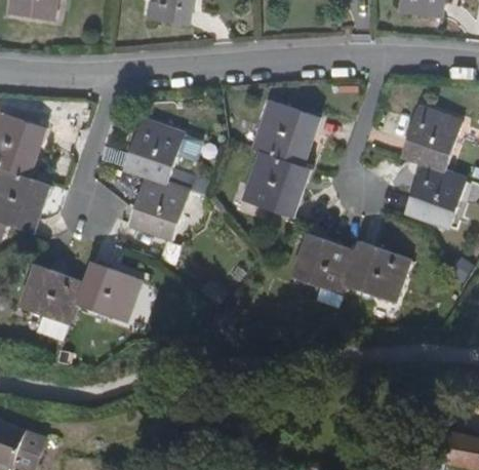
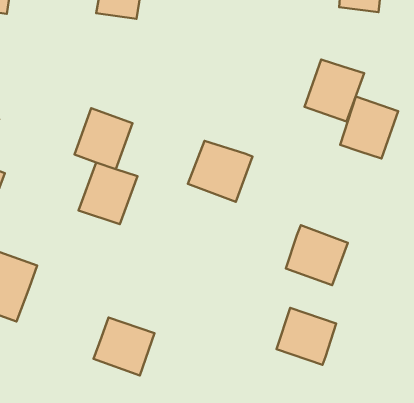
building: [251,102,318,166] -> none
building: [404,164,467,229] -> [304,60,364,121]
building: [293,235,356,295] -> [276,308,336,365]
building: [77,263,141,323] -> [94,318,155,376]

